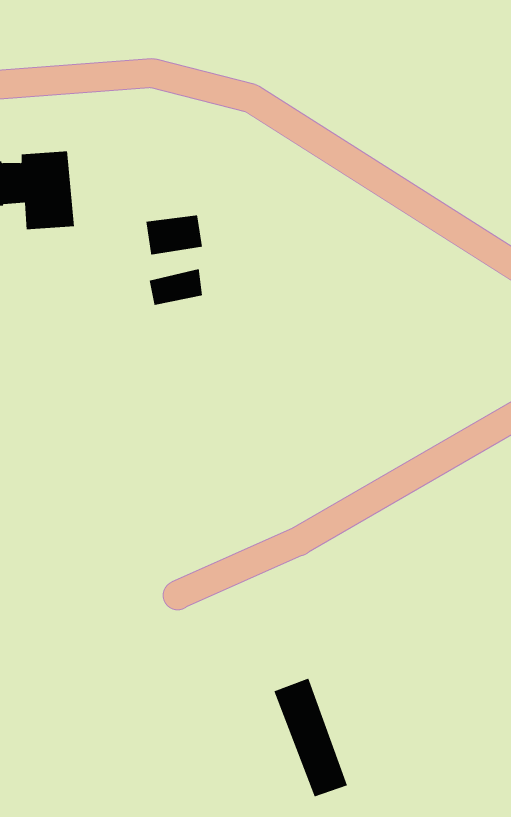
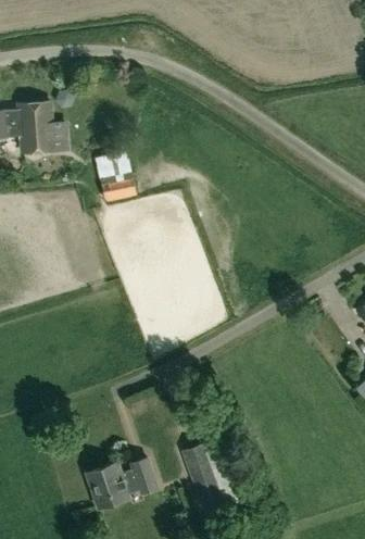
building: none -> [85,456,158,507]

